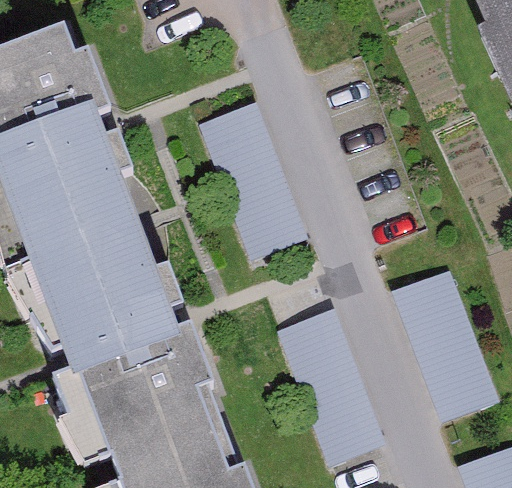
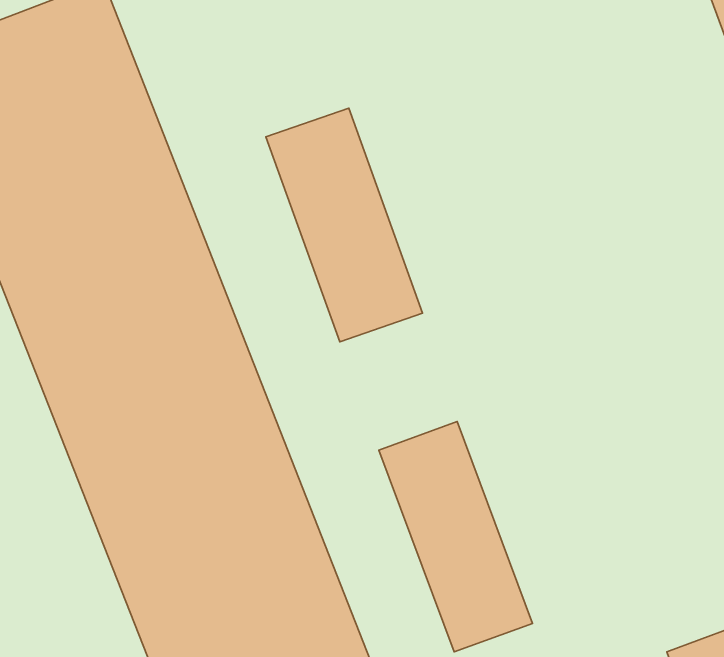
building: [390,274,489,426] -> none

